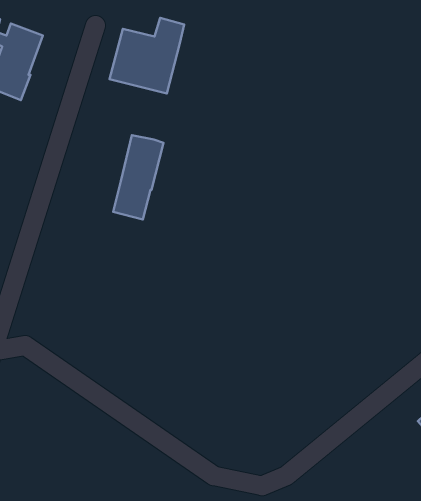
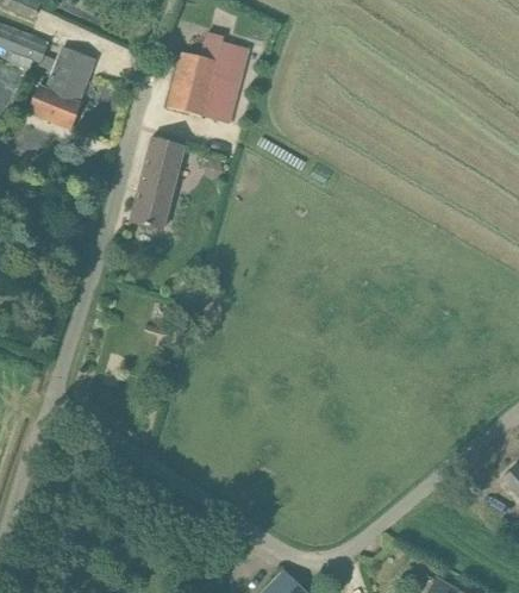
building: [113,135,164,219] -> [131,138,186,230]

